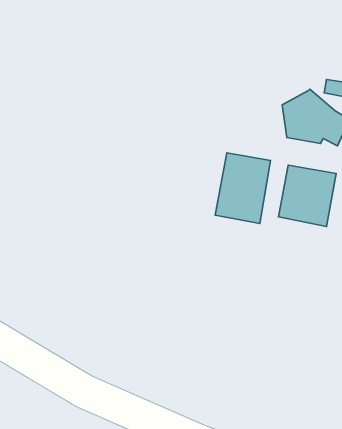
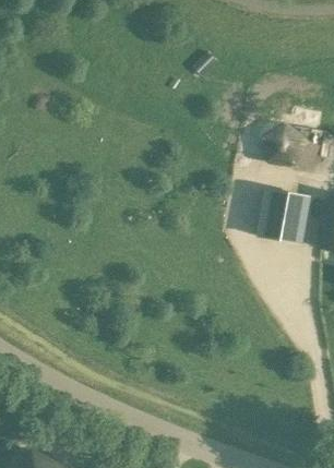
building: [215,153,271,223] -> none

